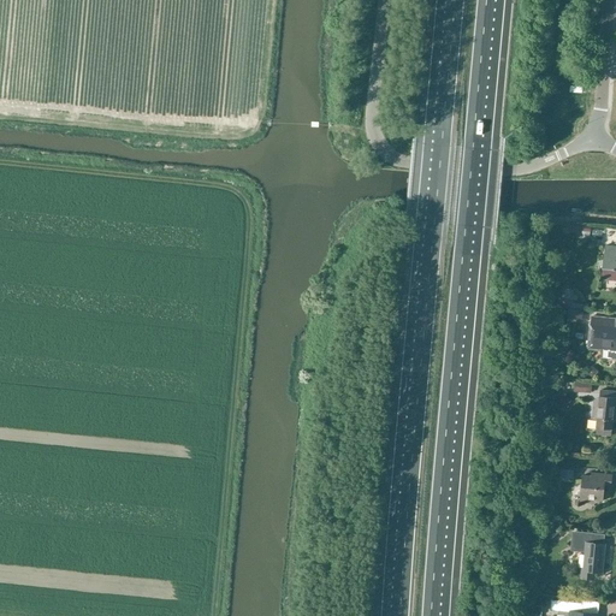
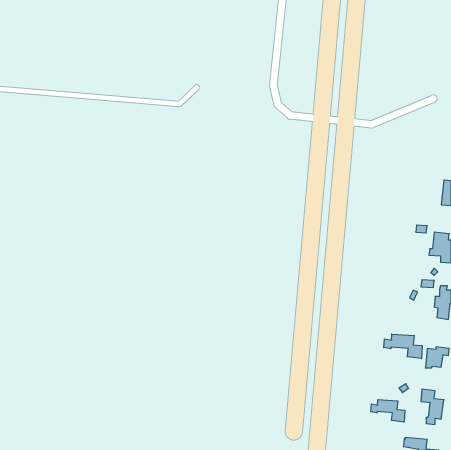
building: none -> [384,334,422,359]
building: none -> [371,400,405,422]

